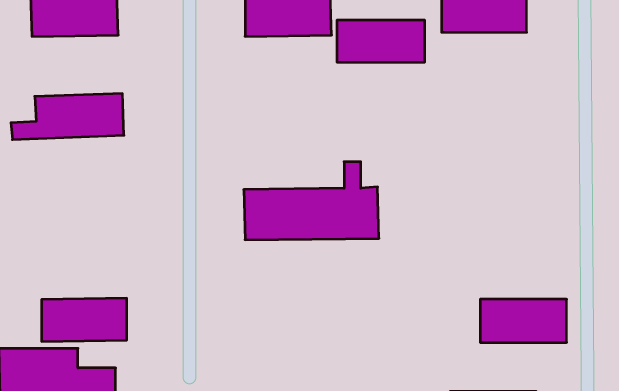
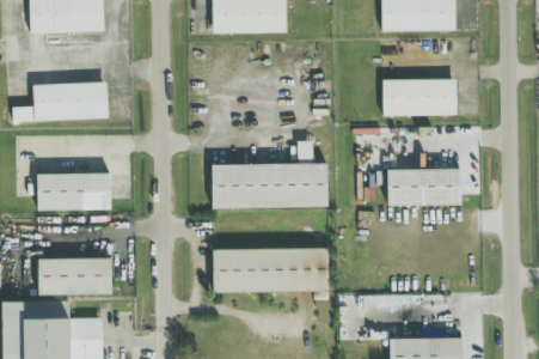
building: [337,20,425,62] -> [381,79,457,115]
building: none -> [37,174,111,211]
building: none -> [213,248,329,298]
building: [480,299,567,342] -> [387,169,461,206]

